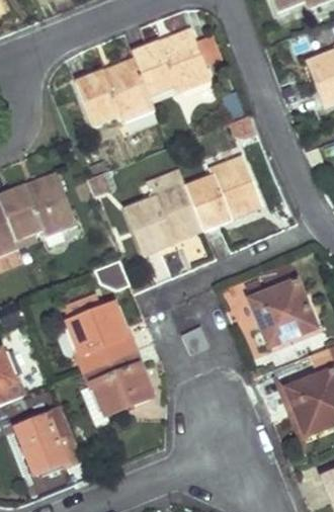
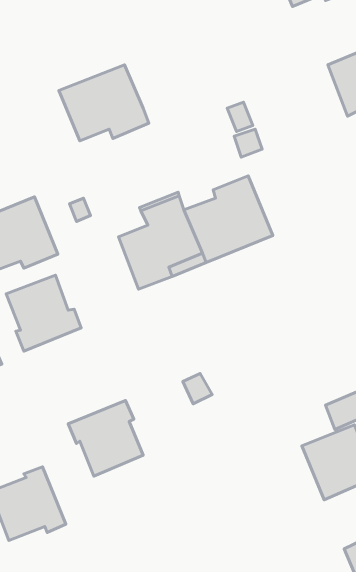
building: [130,28,211,96] -> none
building: [250,281,316,346] -> none
building: [69,304,134,369] -> [6,275,81,351]

